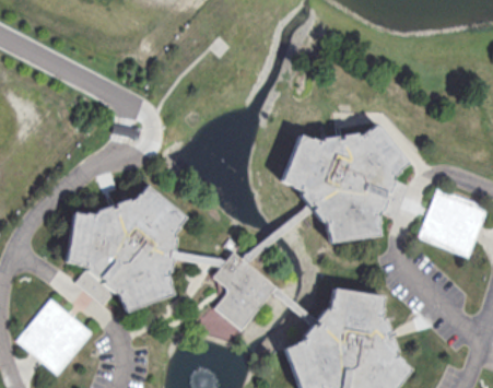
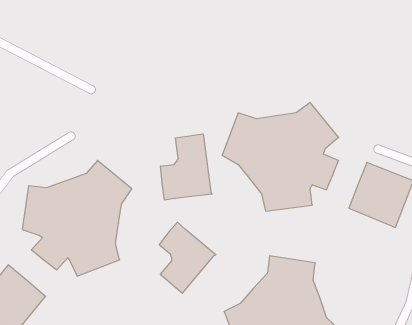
building: none -> [160,134,212,200]
building: [198,305,239,346] -> none

